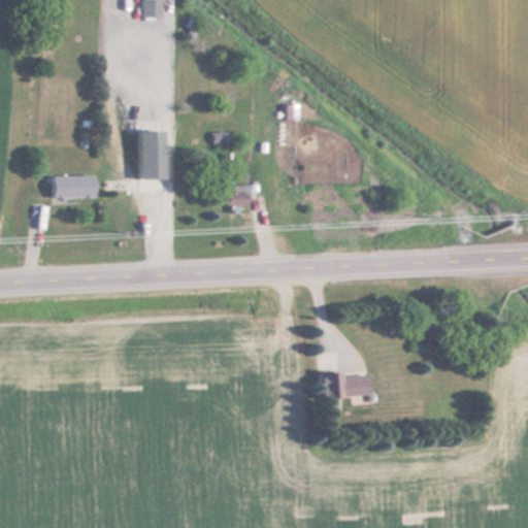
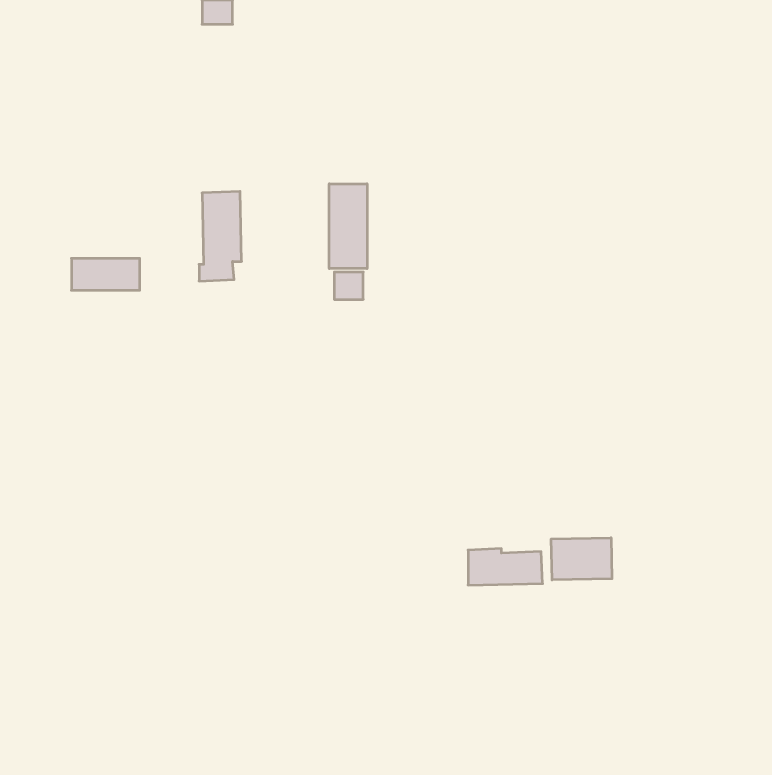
building: none -> [329,184,367,269]
building: none -> [551,538,612,580]

